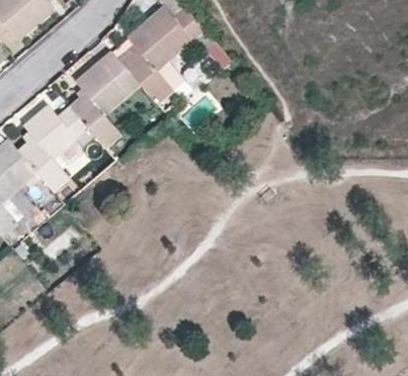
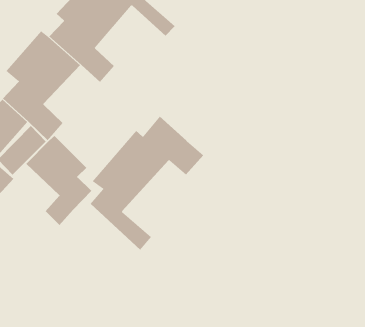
building: none -> [90,116,204,250]
building: none -> [25,135,92,226]

